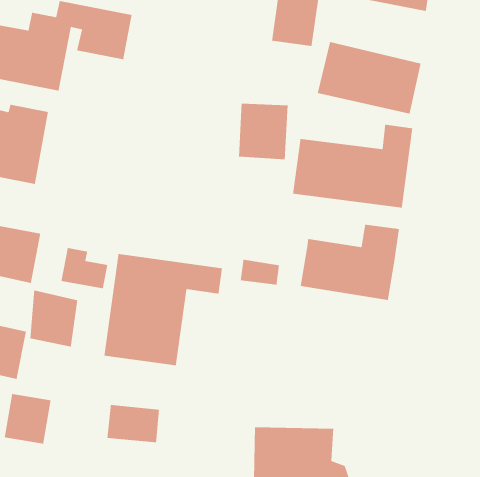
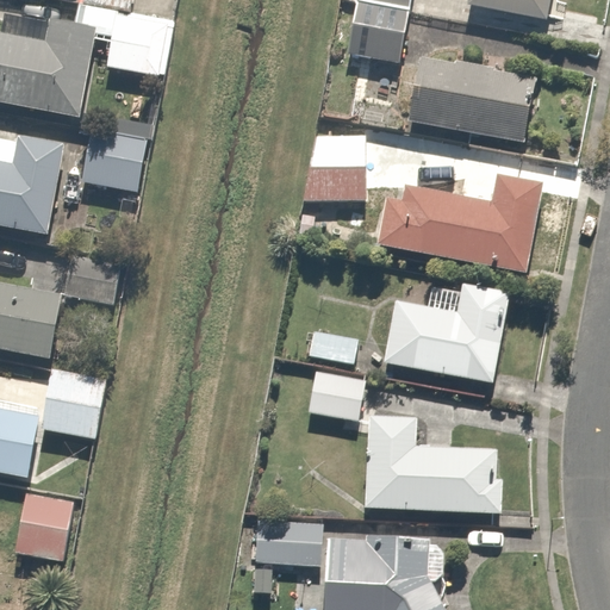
building: none -> [82,129,145,191]
building: [61,247,108,289] -> [63,253,123,305]
building: [103,253,223,366] -> none
building: none -> [307,371,365,421]
building: none -> [365,416,502,511]
building: [106,404,160,443] -> [254,517,320,566]

